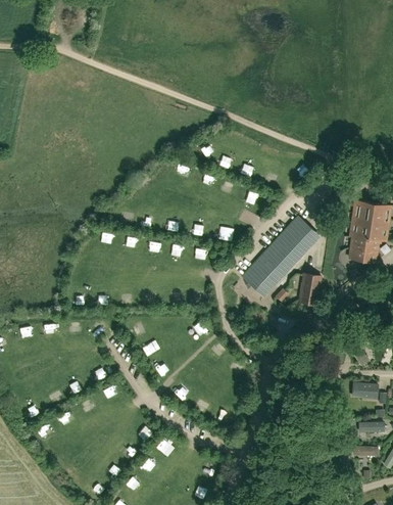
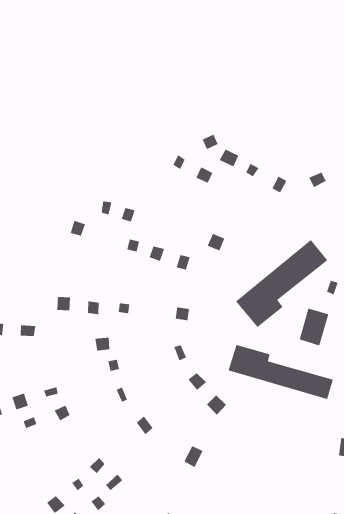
building: none -> [228,344,333,400]

